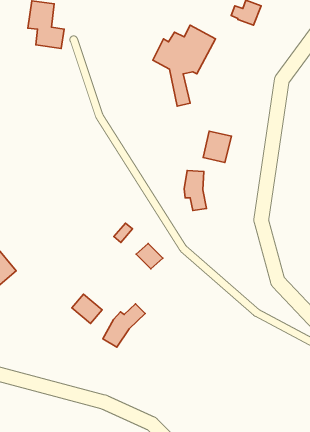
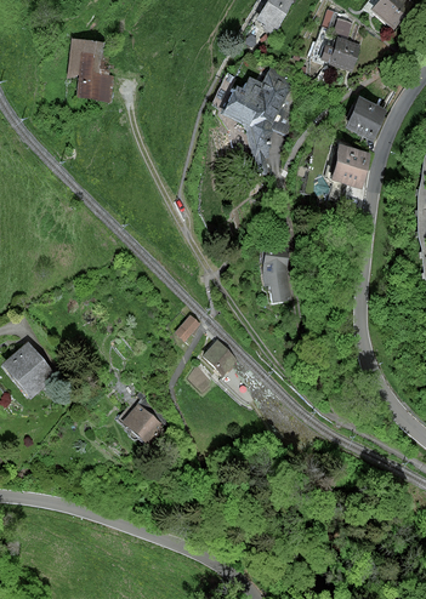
building: none -> [348,96,387,136]
building: [203,131,232,162] -> [335,144,370,183]
building: [103,304,145,347] -> none

